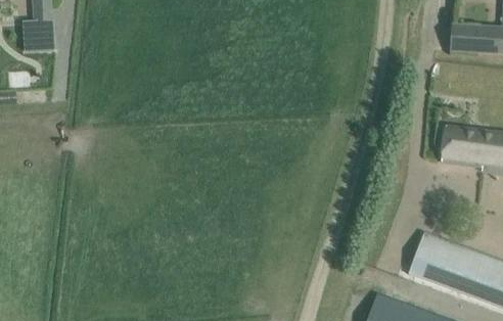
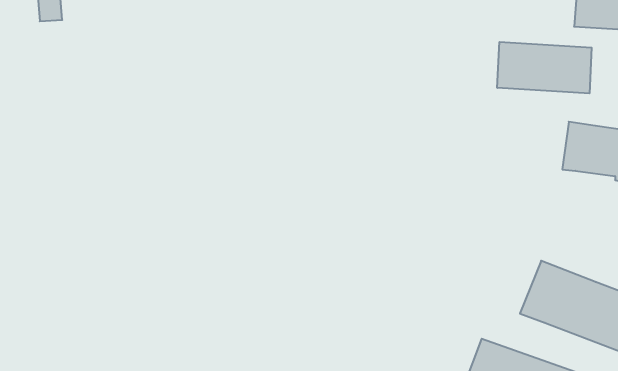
building: none -> [497,42,592,93]

